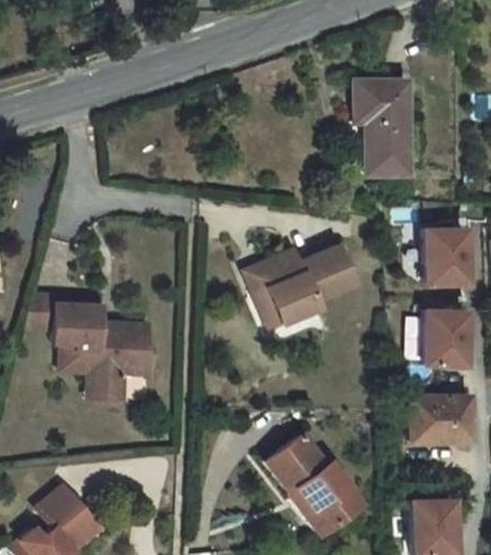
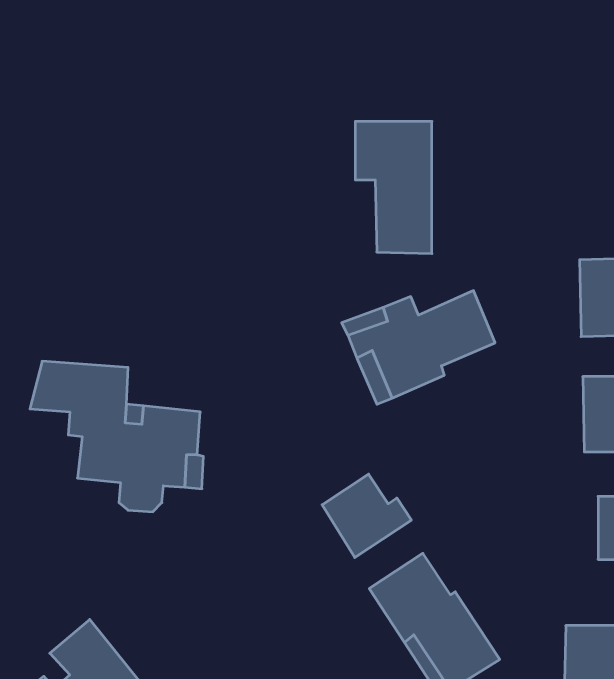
building: [365,85,419,178] -> [355,121,432,254]
building: none -> [322,474,411,558]
building: [409,397,430,441] -> none

